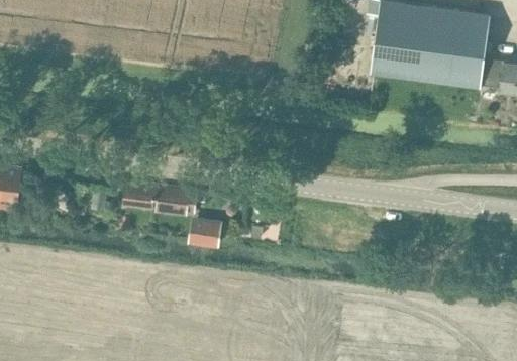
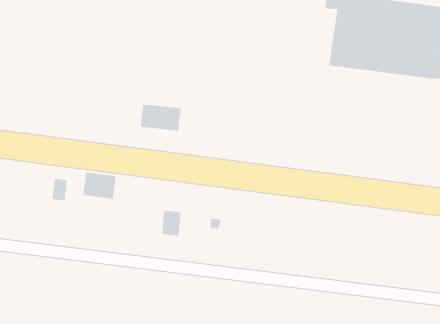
building: [153,186,196,214] -> [140,103,182,131]

